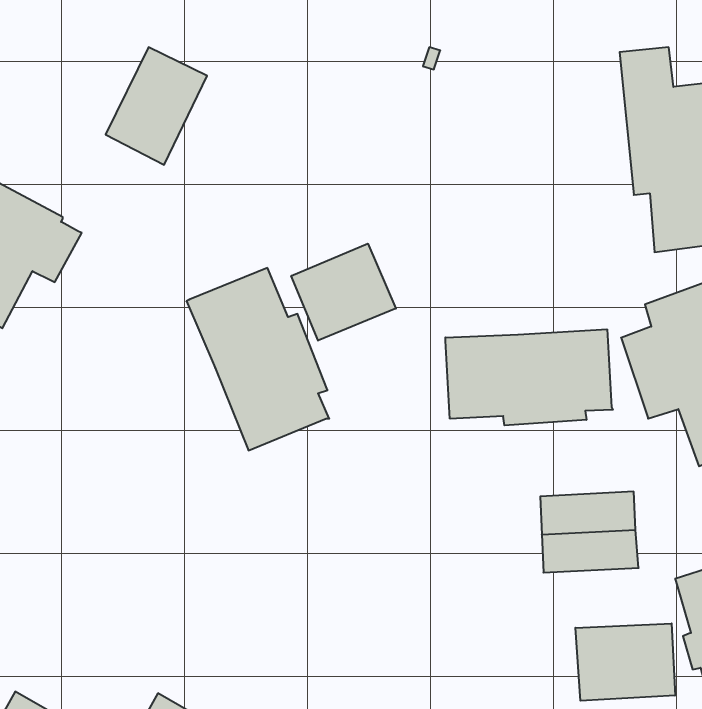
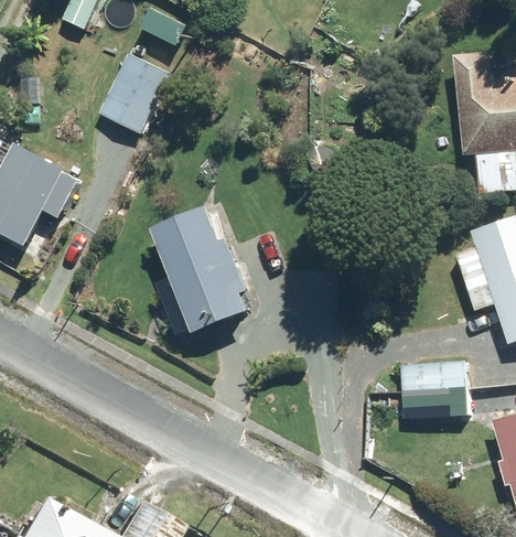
building: [291,244,396,341] -> none
building: [445,329,613,425] -> none
building: [575,623,675,701] -> none

